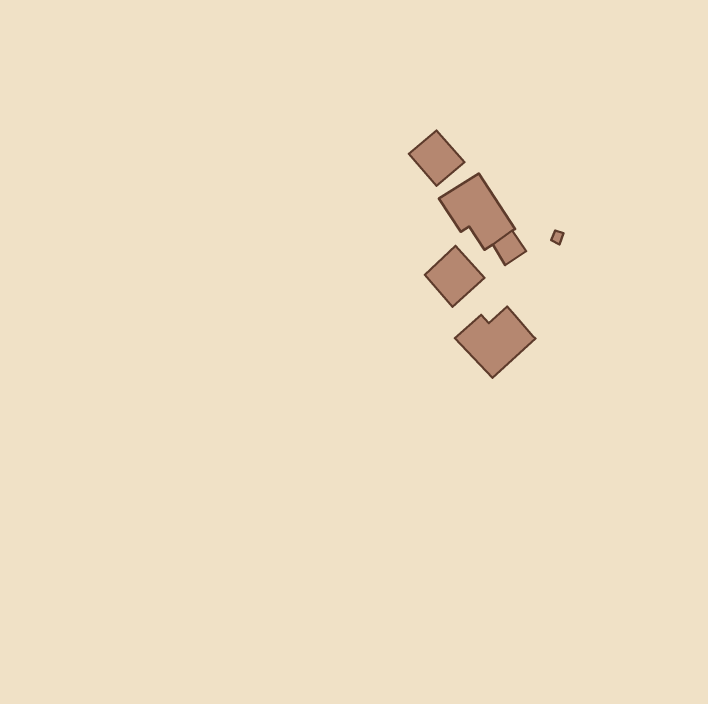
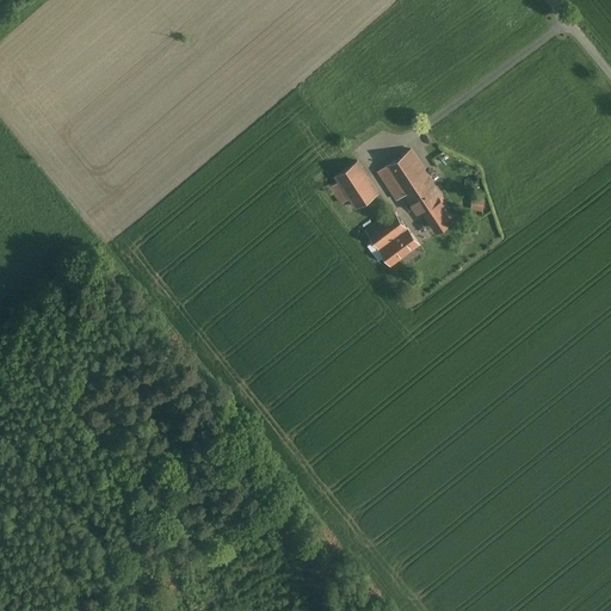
building: [409,130,464,186] -> [326,166,374,214]
building: [455,307,535,378] -> none

